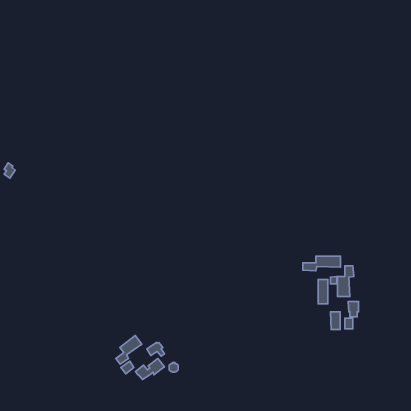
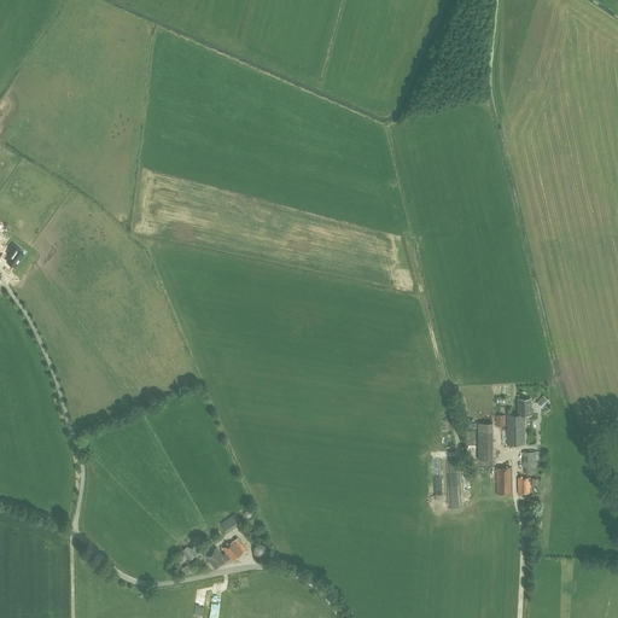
building: [303,256,341,271] -> none
building: [116,336,142,364] -> none

